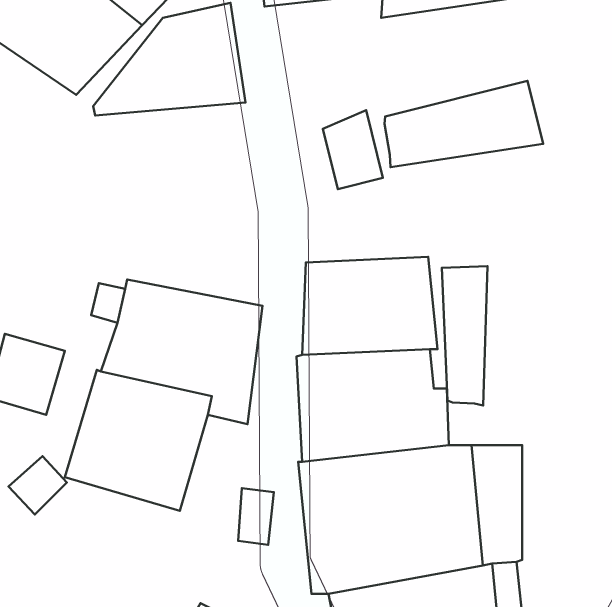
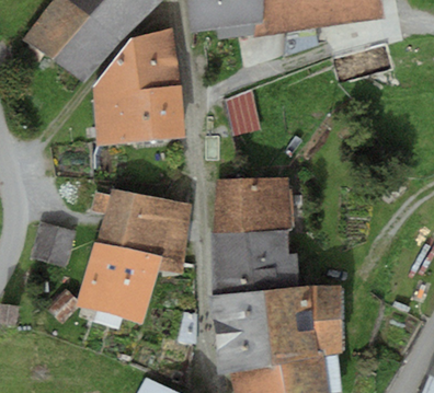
building: [385,81,543,167] -> none
building: none -> [93,86,185,145]
building: [442,266,488,405] -> none

